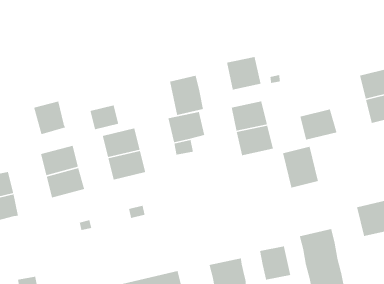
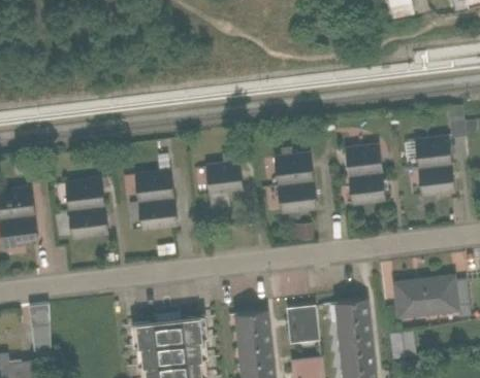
building: [226,56,261,91] -> none
building: [169,75,204,116] -> none
building: none -> [347,145,384,176]
building: [33,100,66,135] -> none
building: [89,105,119,130] -> none
building: [282,146,319,189] -> none

